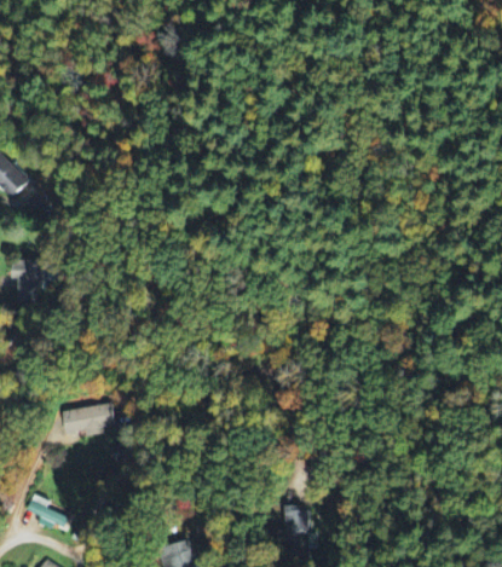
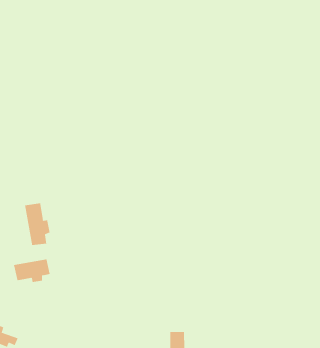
building: none -> [25,203,50,246]

